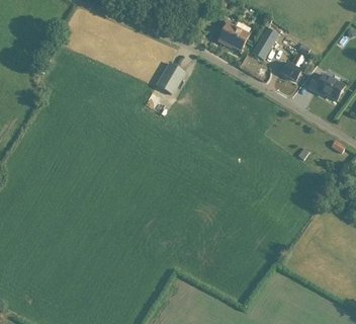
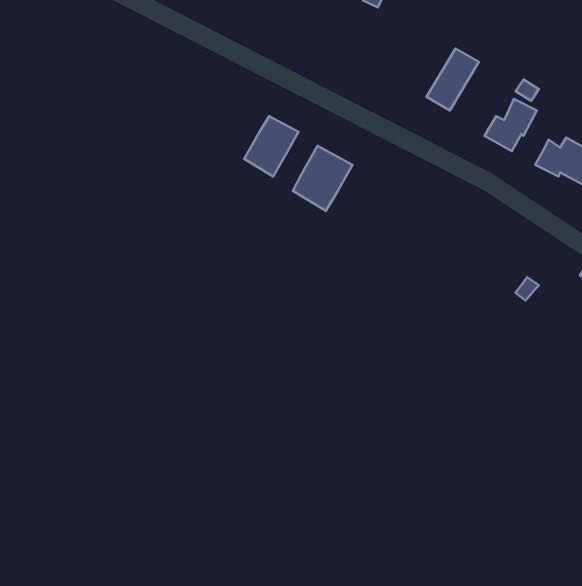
building: [217,21,251,51] -> none
building: none -> [293,146,352,211]

